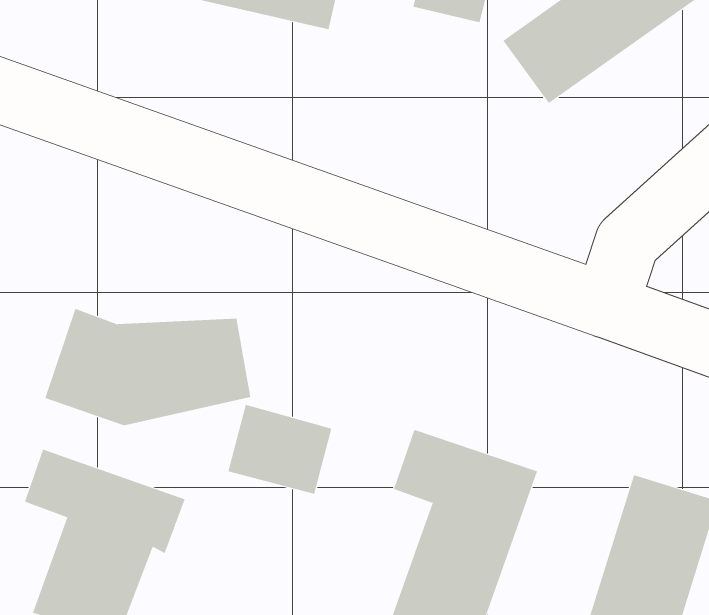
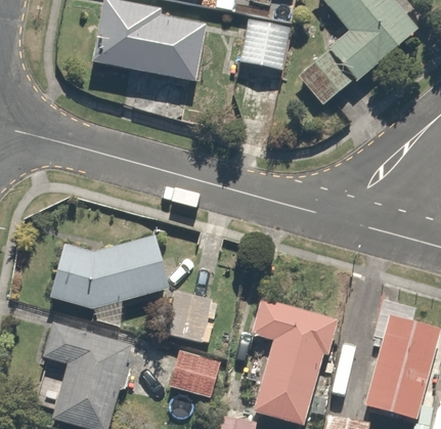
building: none -> [171,348,220,397]

